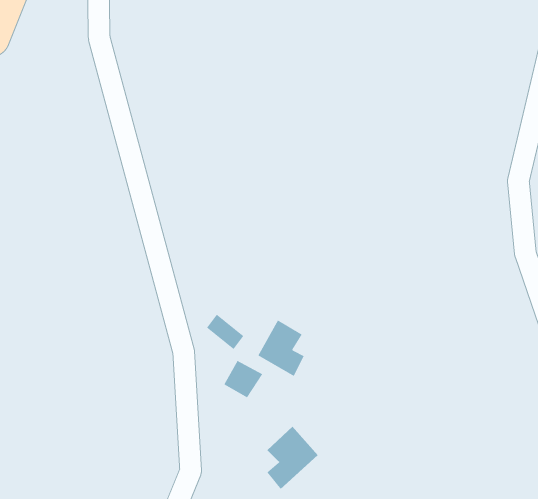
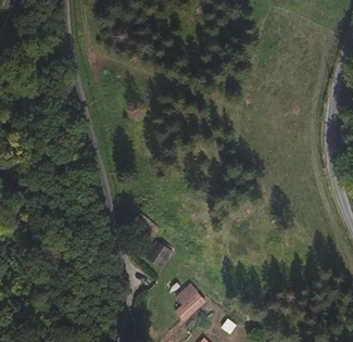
building: [257,319,305,377] -> none

